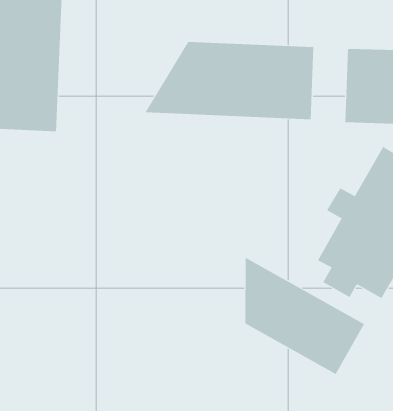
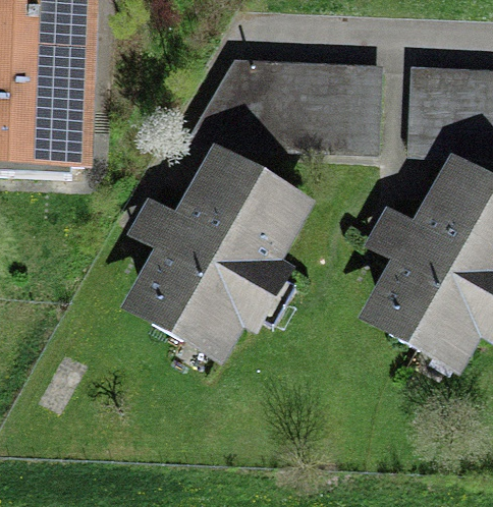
building: none -> [145,163,290,338]
building: [245,257,365,375] -> none

